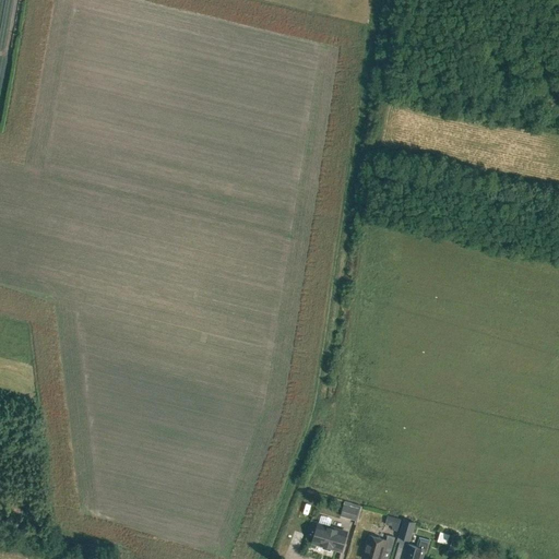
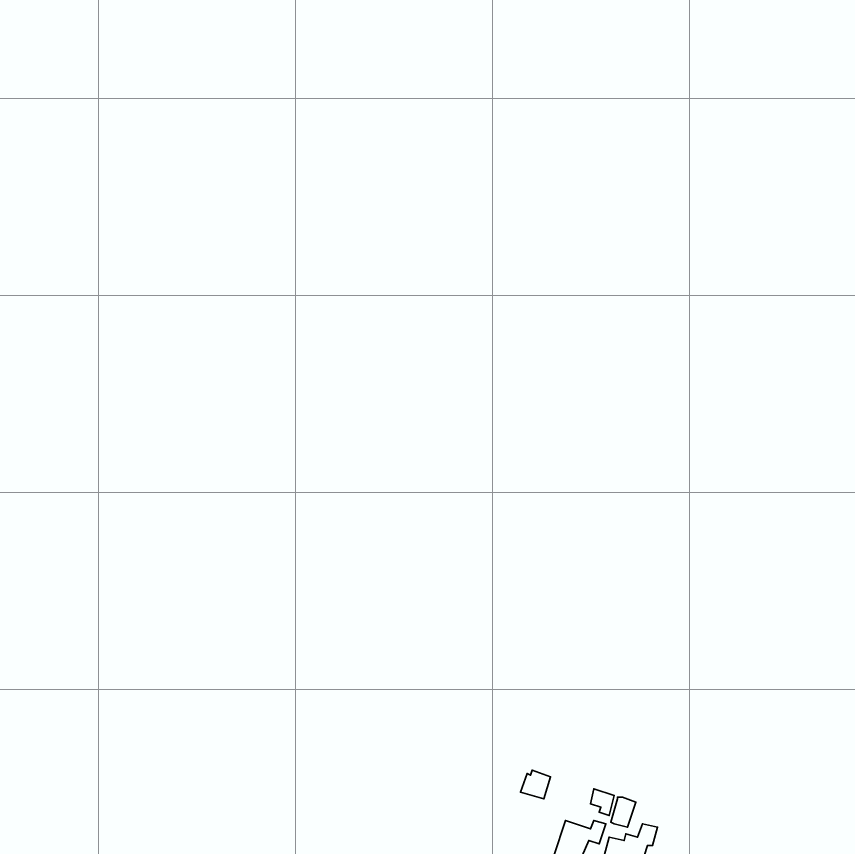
building: [313,525,346,551] -> none

